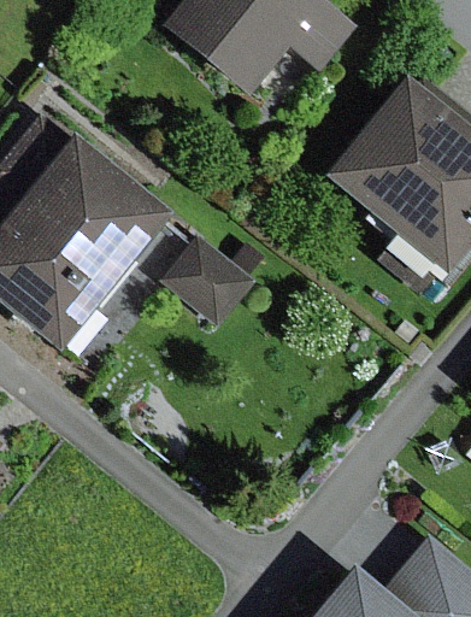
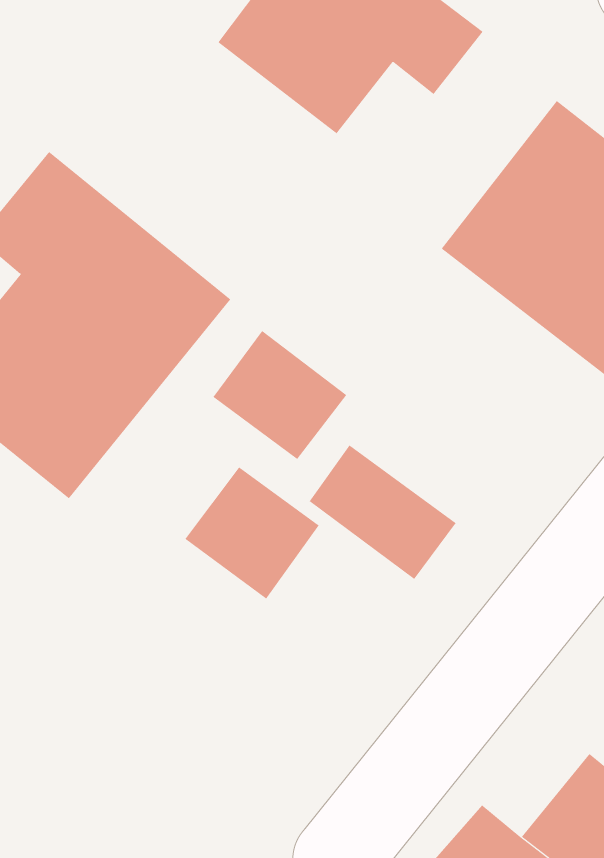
building: none -> [309,445,456,580]
building: none -> [185,466,320,600]

